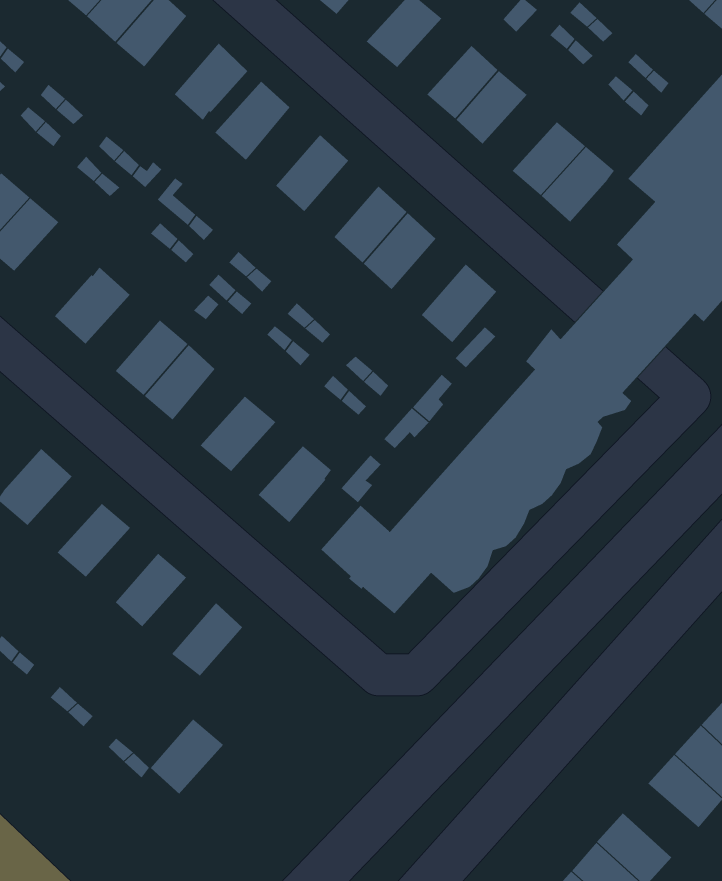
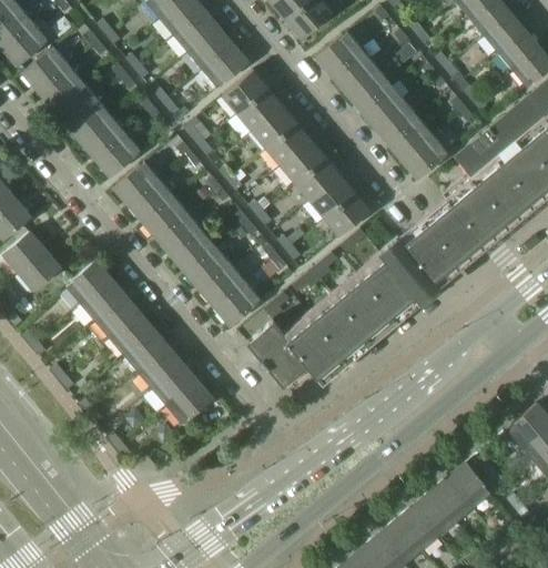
building: none -> [187,27,232,70]
building: none -> [332,50,376,92]
building: none -> [374,101,418,143]
building: none -> [237,88,282,131]
building: none -> [266,123,311,165]
building: none -> [95,133,140,175]
building: none -> [309,175,354,217]
building: none -> [130,181,174,223]
building: none -> [173,231,216,273]
building: none -> [202,266,245,306]
building: none -> [81,280,125,322]
building: none -> [110,314,153,355]
building: none -> [138,347,182,389]
building: [150,718,224,794] -> [166,381,211,423]
building: none -> [396,505,438,549]

